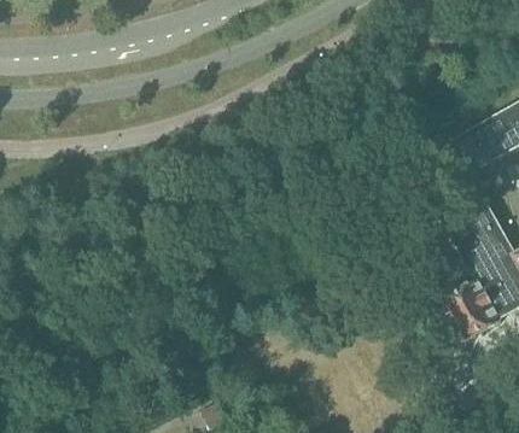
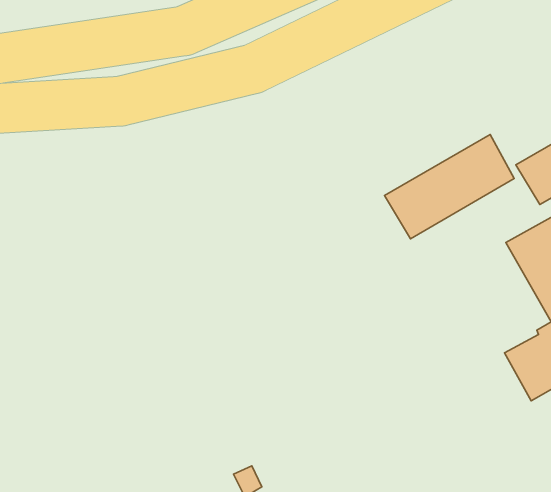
building: none -> [384,135,514,239]

